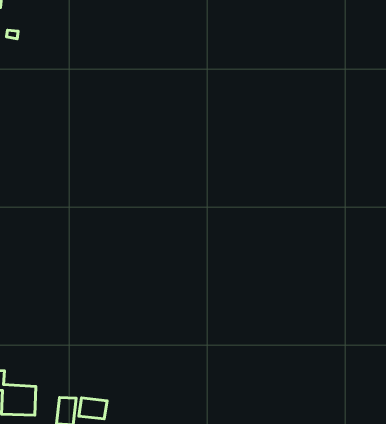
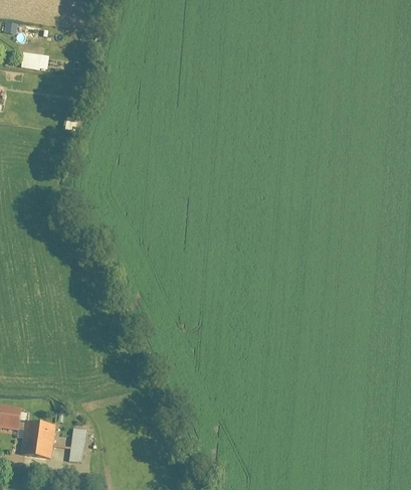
building: [79,398,107,419] -> none

